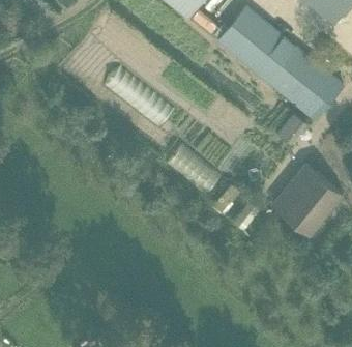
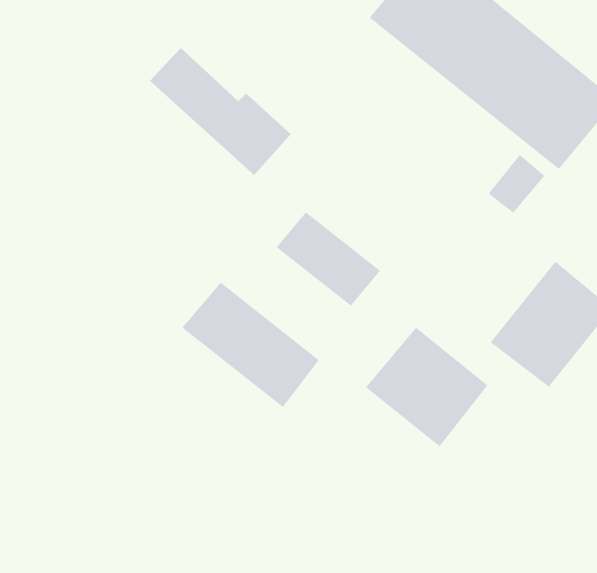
building: none -> [182,282,319,408]
building: none -> [365,327,488,447]

